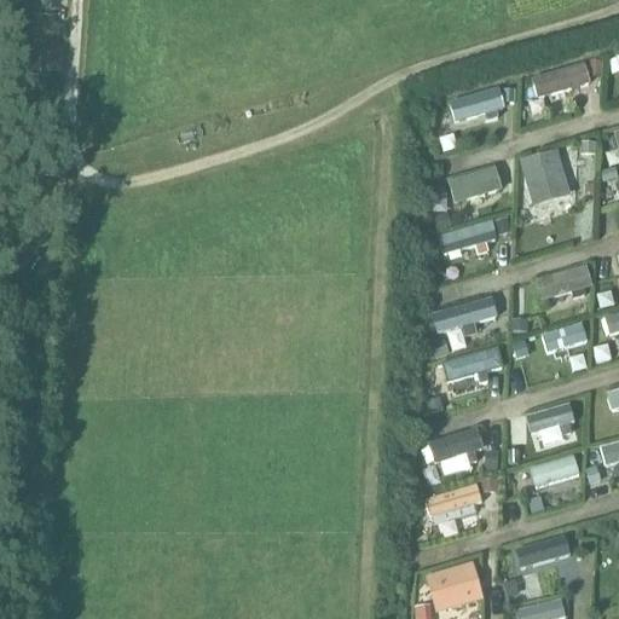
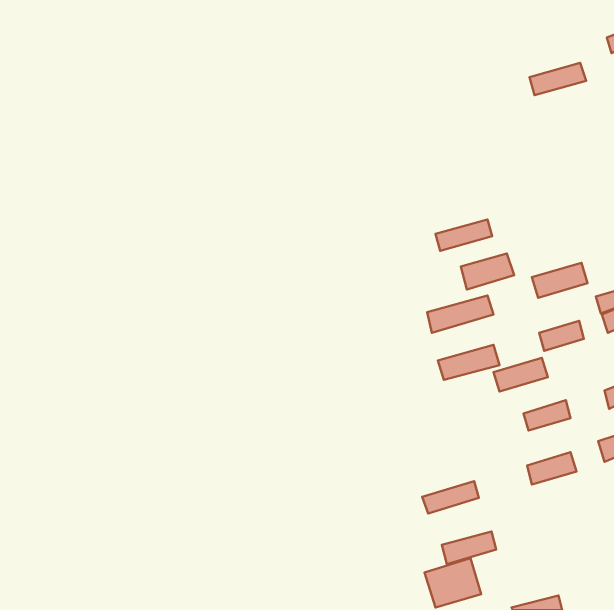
building: [450,87,504,120] -> none
building: [521,147,571,203] -> none
building: [447,166,501,202] -> [461,253,514,290]
building: [429,427,484,461] -> [494,358,548,392]
building: [517,534,572,567] -> [442,532,496,564]

